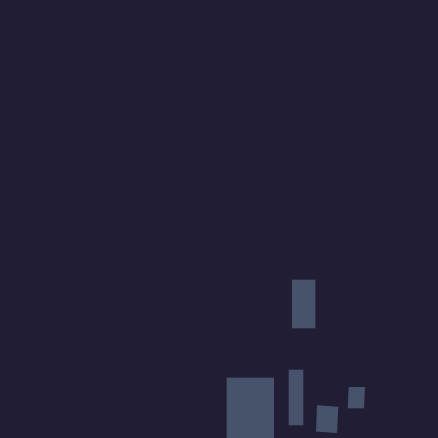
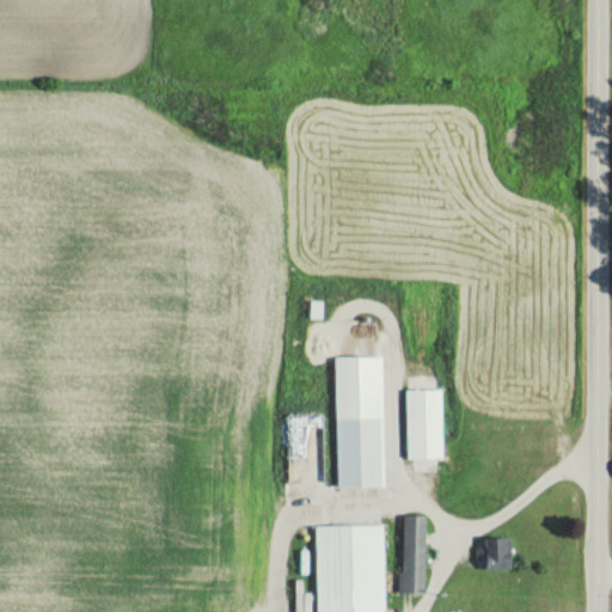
building: none -> [336,356,384,488]
building: [316,405,339,434] -> none

